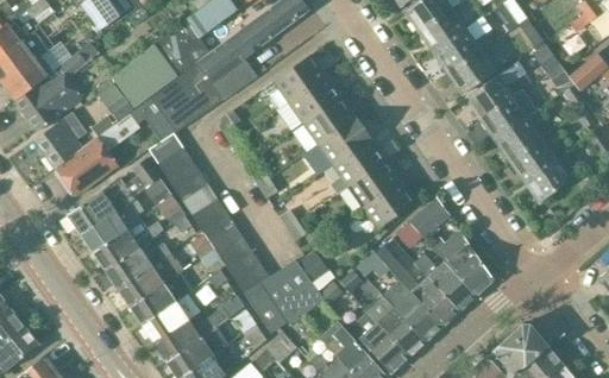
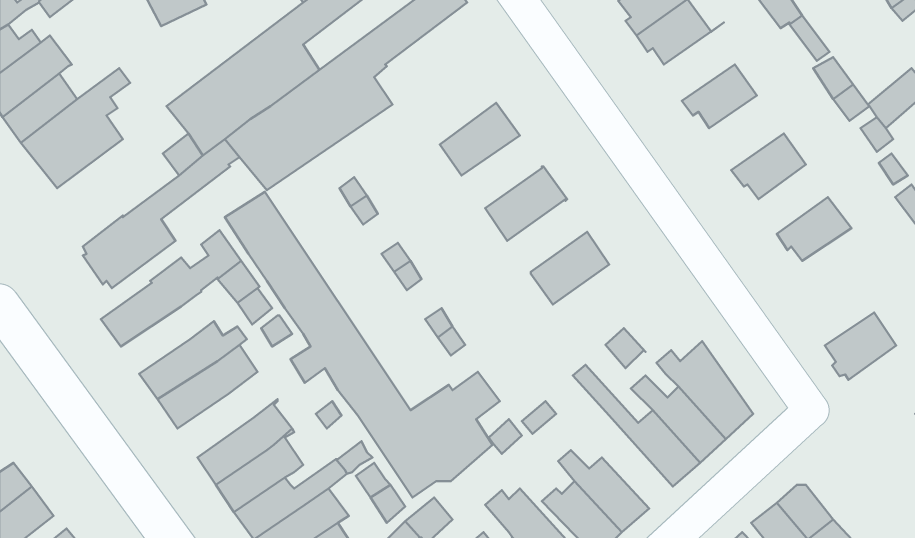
building: [435,18,490,74] -> none
building: [274,55,326,102] -> none
building: [469,62,526,119] -> none
building: [303,96,356,144] -> none
building: [497,115,542,160] -> none
building: [36,121,87,169] -> none
building: [331,138,385,194] -> none
building: [526,157,572,201] -> [825,313,896,380]
building: [363,181,415,228] -> none
building: [409,197,450,238] -> none
building: [81,201,142,252] -> none
building: [118,251,183,307] -> none
building: [383,279,441,340] -> none

